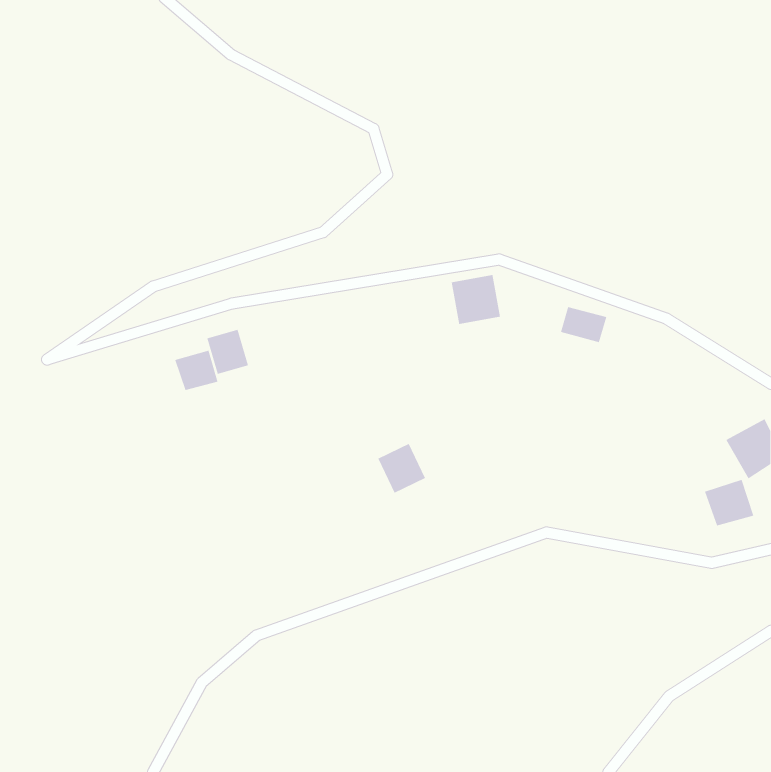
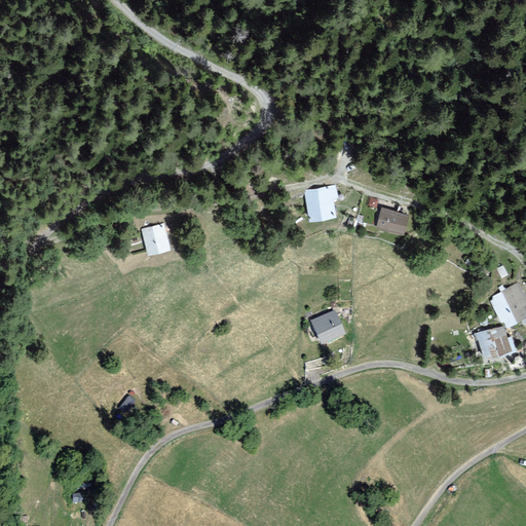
building: [175,350,218,391] -> none
building: [377,443,426,493] -> [310,311,343,345]

